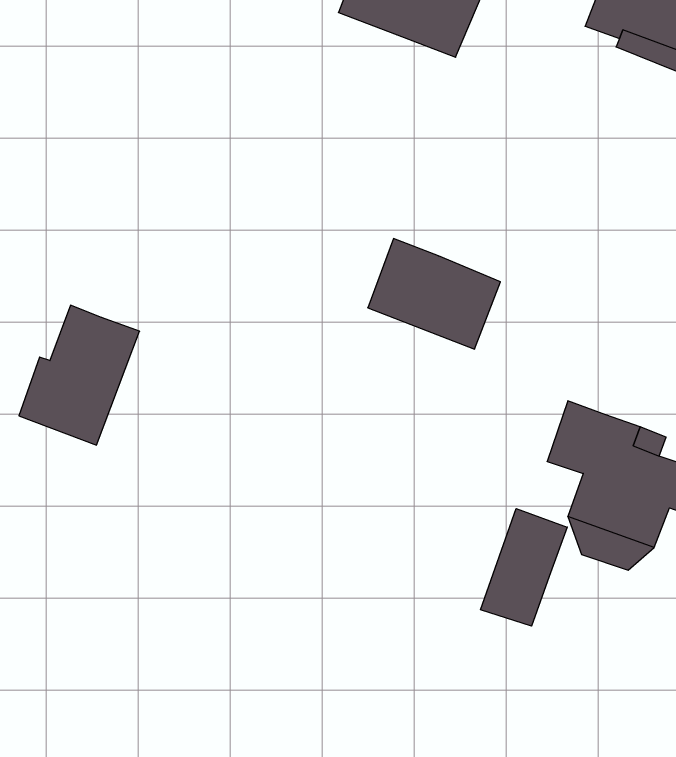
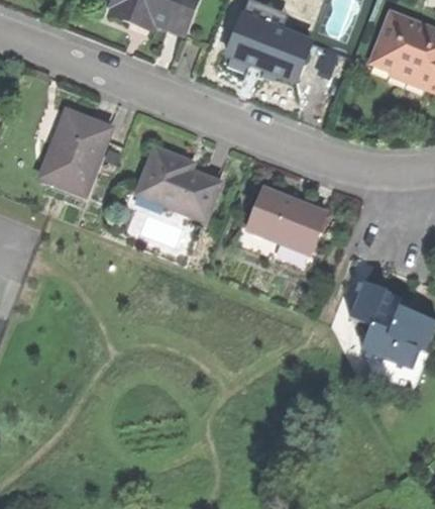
building: none -> [137,145,219,218]
building: [19,305,140,445] -> [38,110,109,192]
building: [480,509,567,626] -> none

